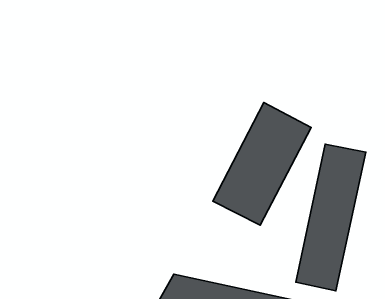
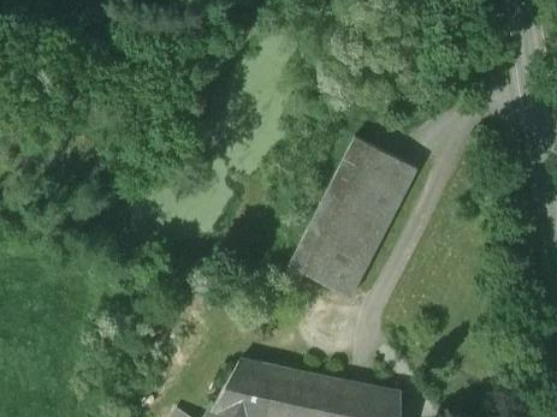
building: [296,144,366,291] -> none

